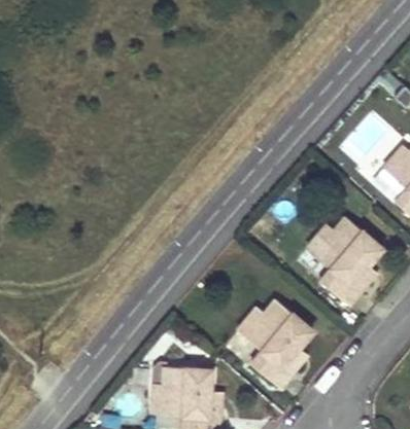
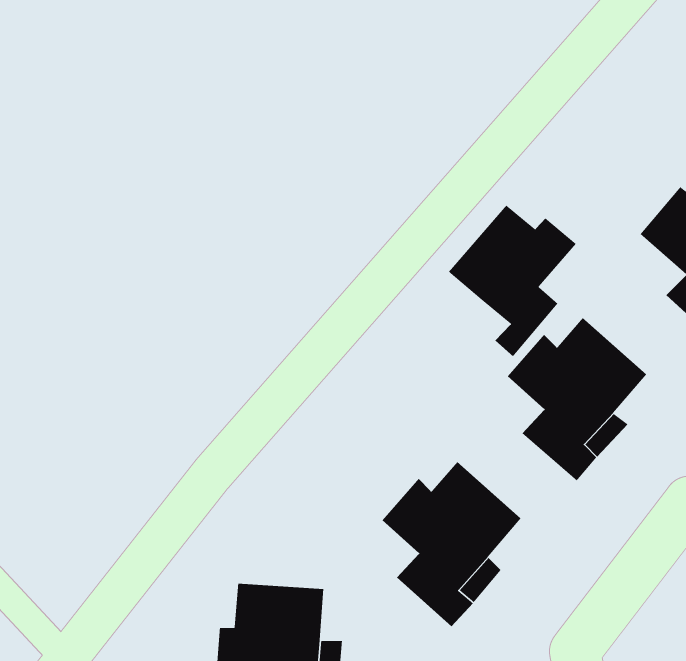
building: none -> [448,205,577,357]

